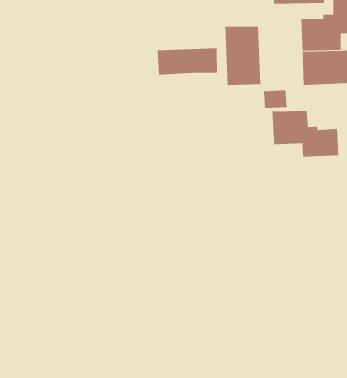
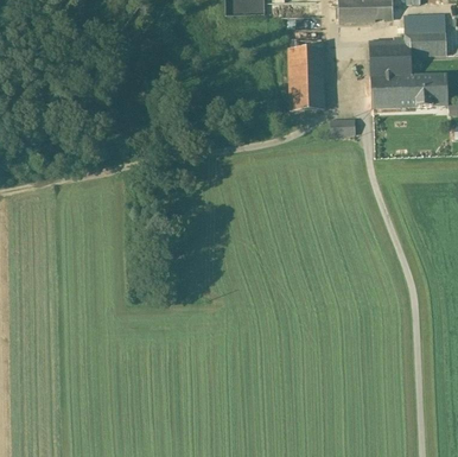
building: [157,48,217,75] -> none
building: [272,110,339,158] -> none

